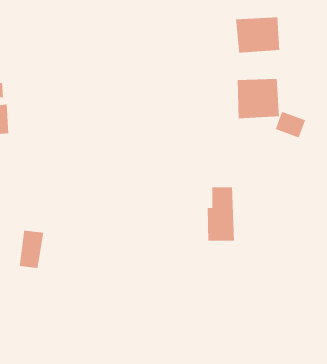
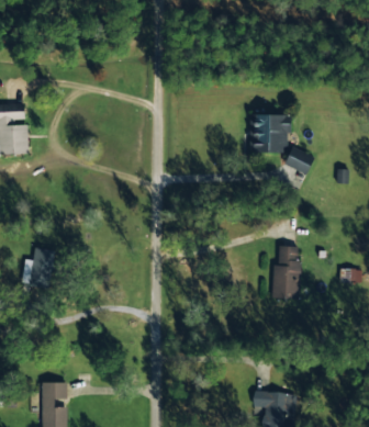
building: [235,16,280,54] -> none
building: [207,187,235,241] -> [272,246,300,300]

